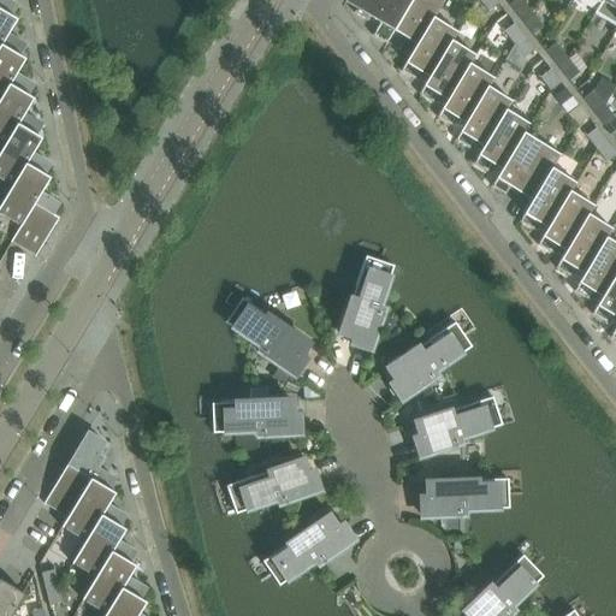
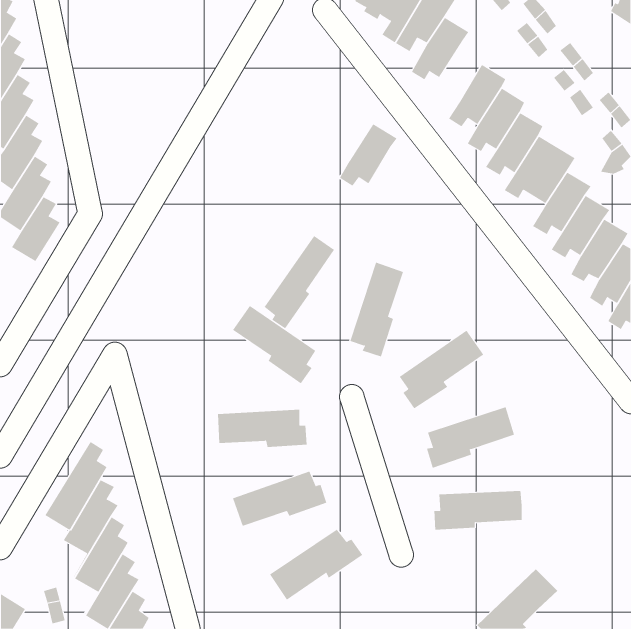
building: [419,40,475,101] -> [339,124,397,187]
building: none -> [264,235,335,329]

